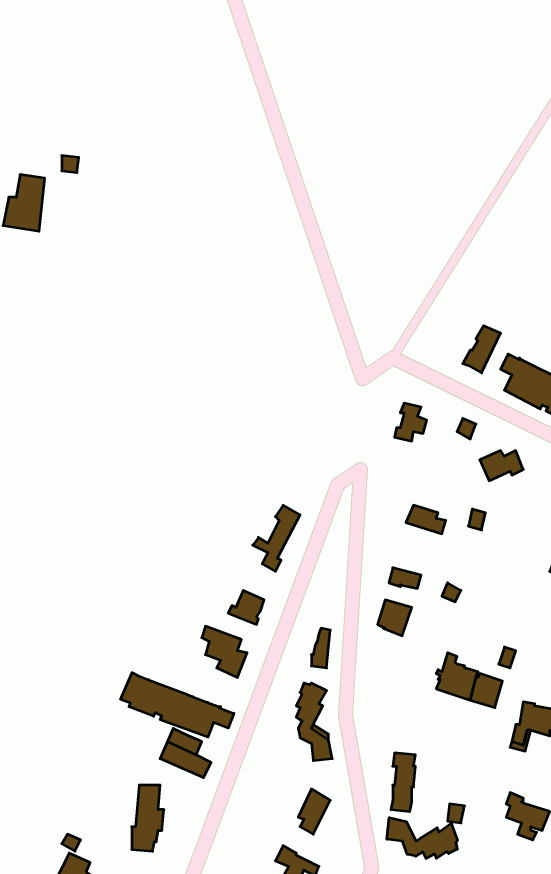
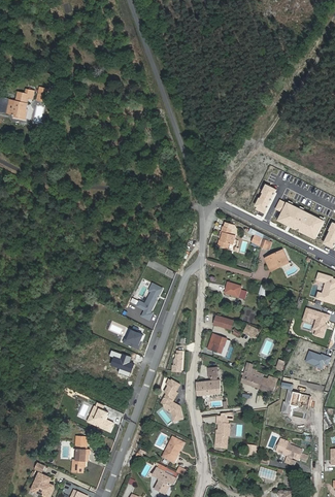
building: none -> [196,367,221,396]
building: [121,673,234,737] -> none
building: [387,818,457,858] -> none

